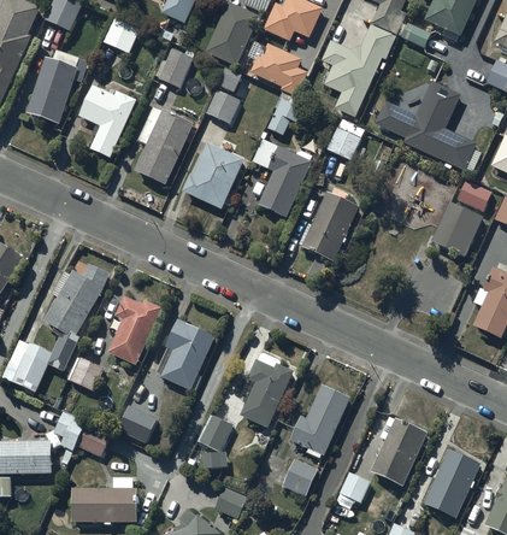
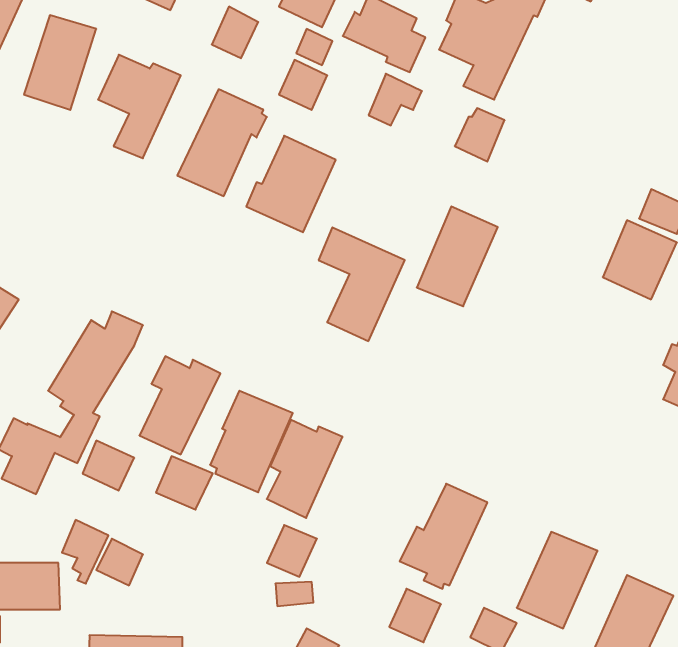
building: [375,81,476,169] -> none
building: [252,137,312,217] -> [319,227,405,341]
building: [240,358,293,427] -> [267,420,343,518]
building: [117,405,157,442] -> [156,456,213,510]

